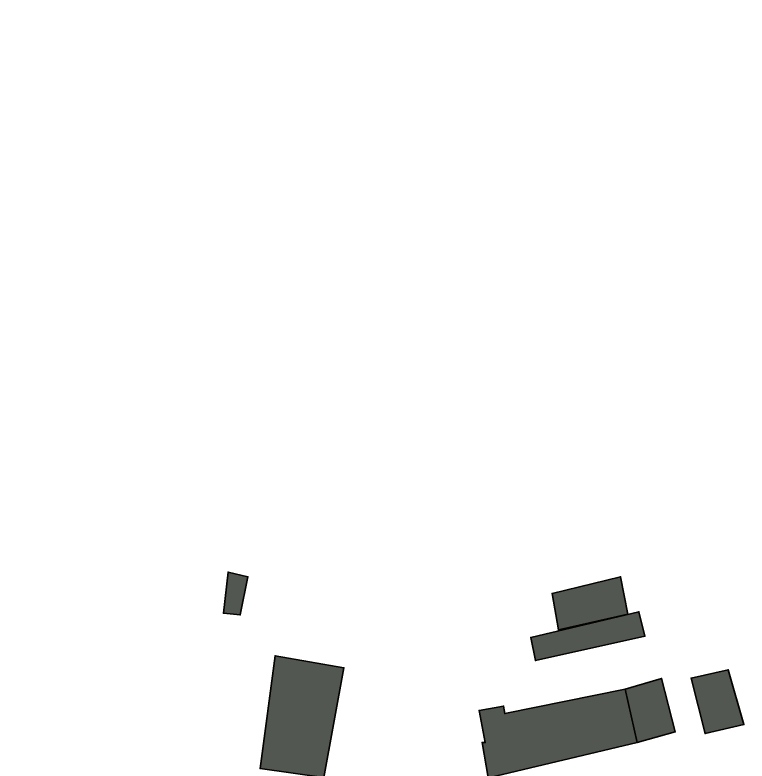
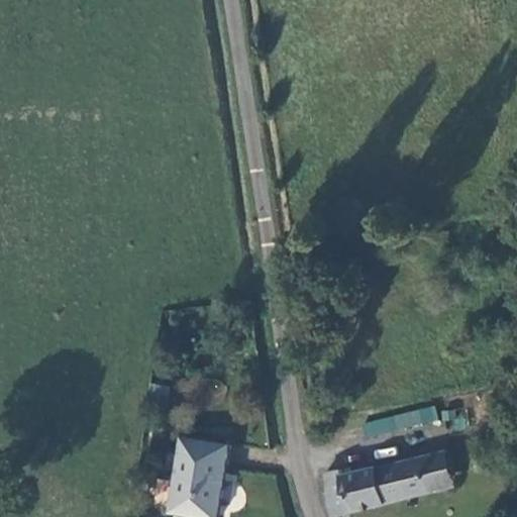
building: [552,577,628,630] -> none
building: [691,670,744,733] -> none

